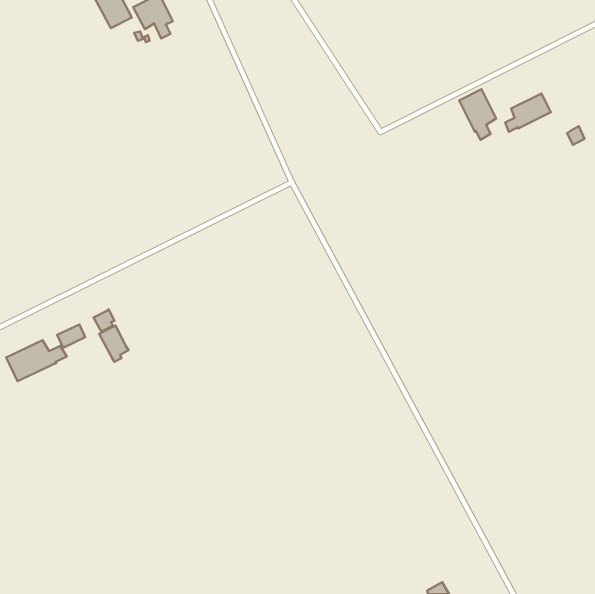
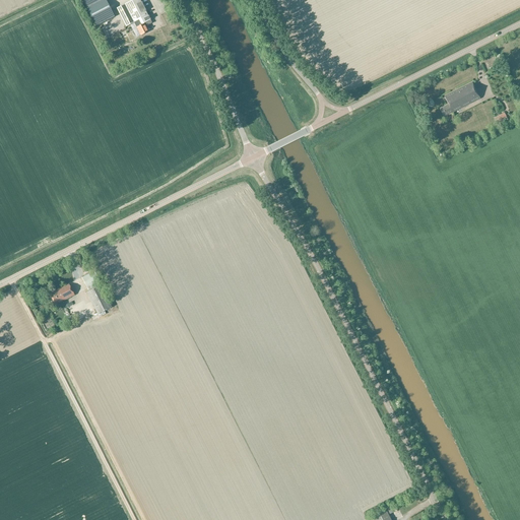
building: [459,89,496,140] -> none
building: [6,340,67,381] -> none

